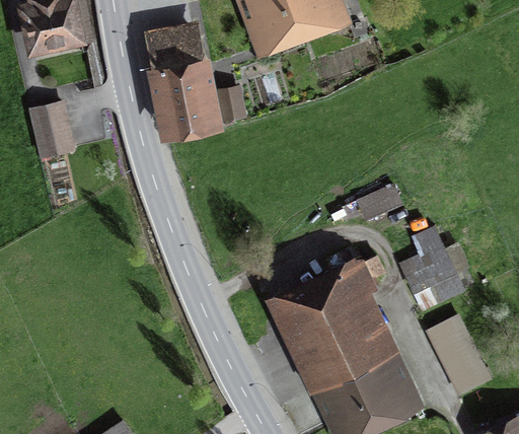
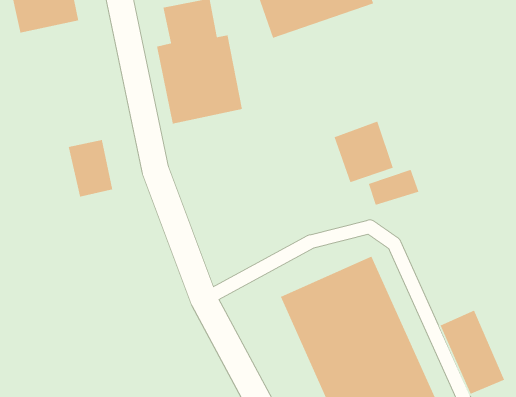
building: [28,101,72,157] -> [68,139,113,197]
building: none -> [334,120,394,183]
building: [400,220,460,306] -> none

